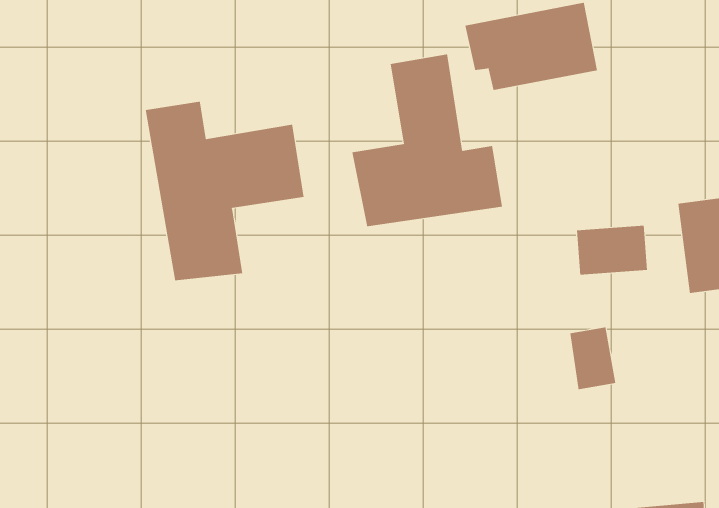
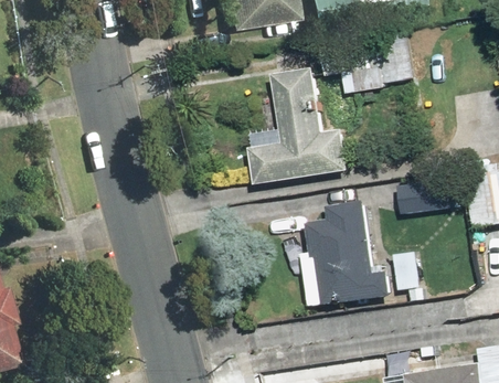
building: [145,101,304,281] -> none
building: none -> [301,201,382,306]

